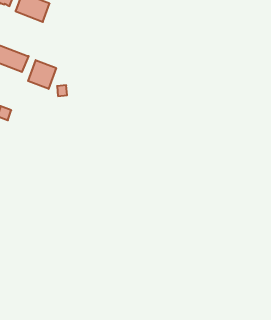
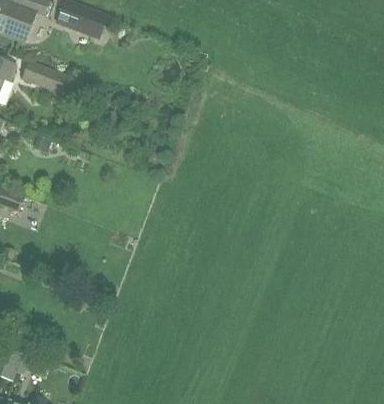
building: [28,60,56,89] -> none

